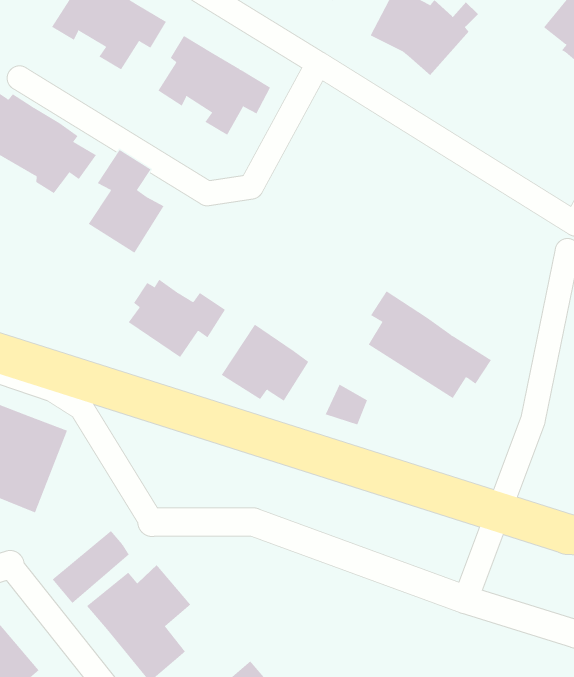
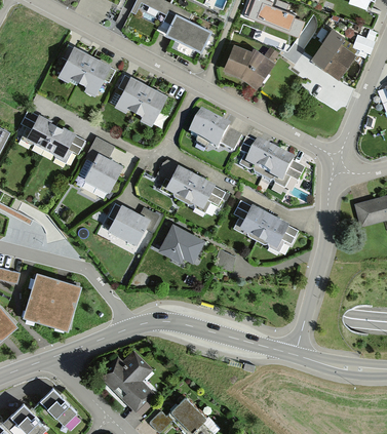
building: none -> [188,111,241,152]
building: none -> [238,139,305,191]
building: none -> [159,161,225,213]
building: [52,530,130,604] -> none

